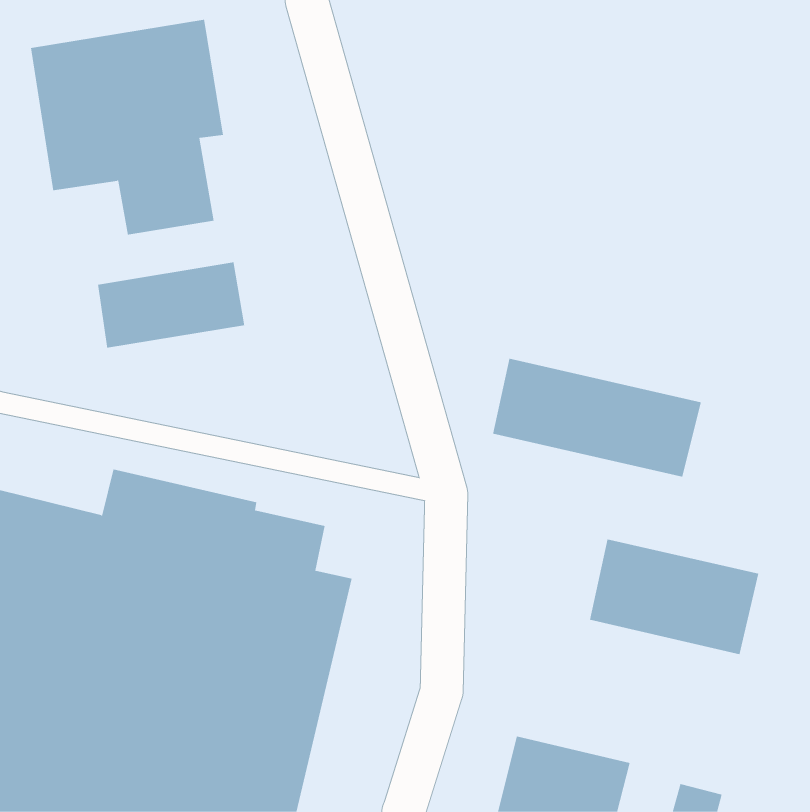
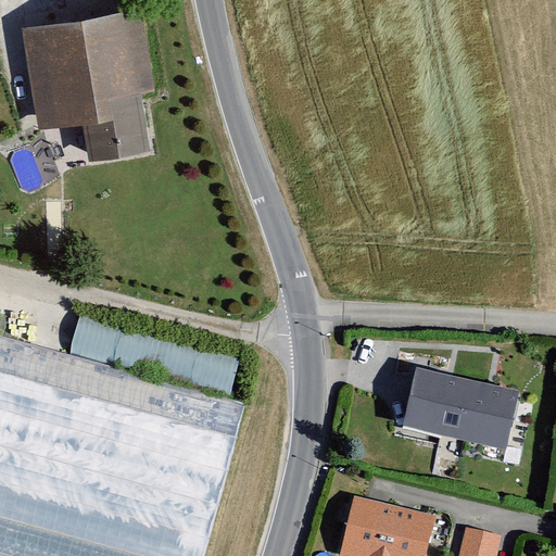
building: [97,262,245,348] -> none
building: [492,358,701,477] -> none

